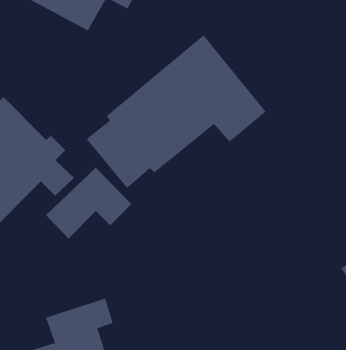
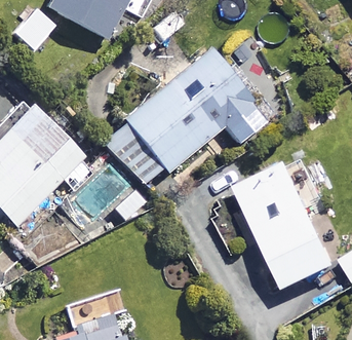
building: none -> [236,163,335,288]

